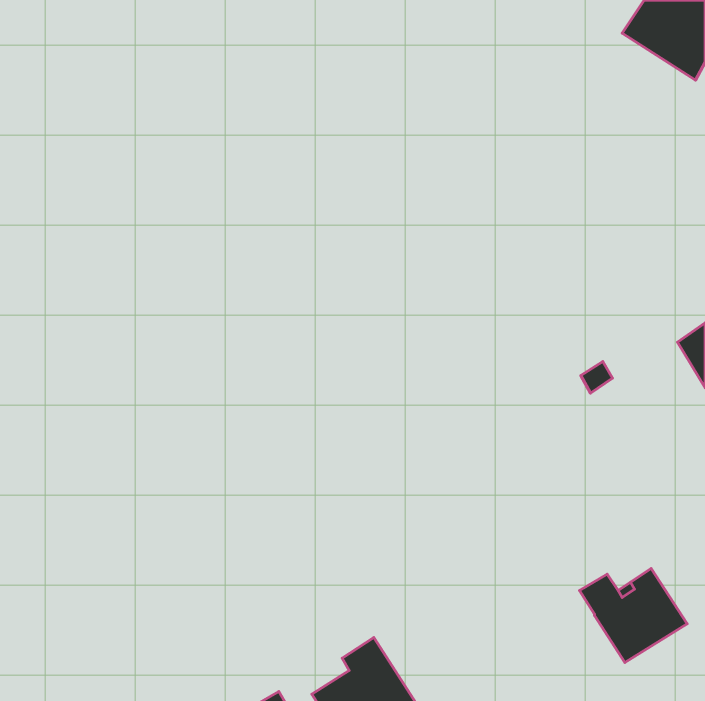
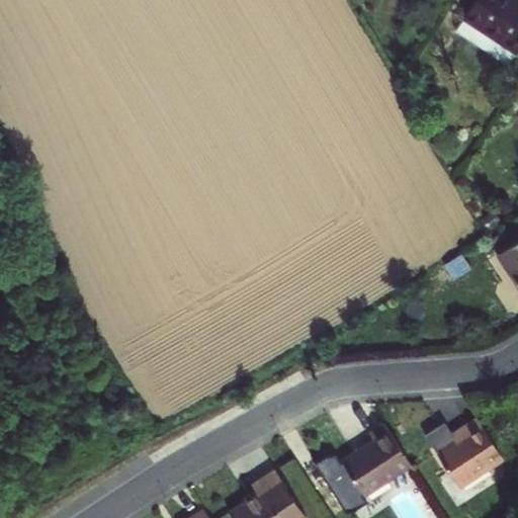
building: none -> [315,426,412,510]

